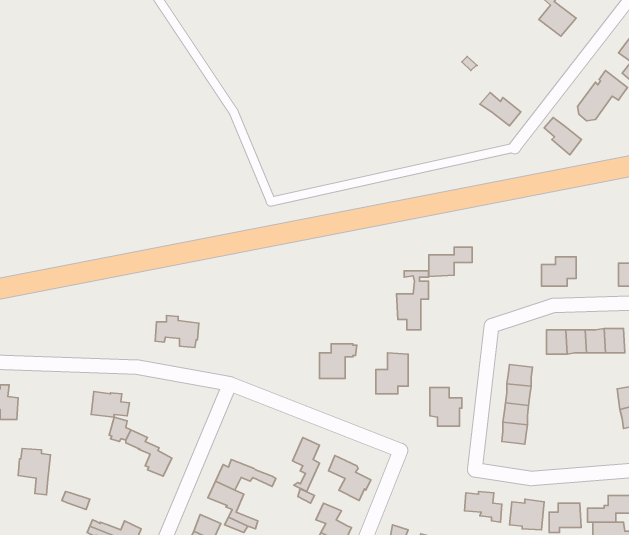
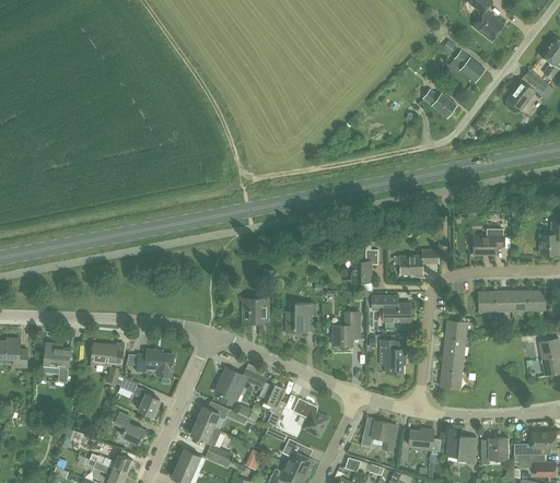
building: [544,118,581,155] -> [453,50,485,82]
building: [429,247,472,277] -> [400,249,438,274]
building: [155,315,199,347] -> [136,349,173,376]
building: none -> [372,295,409,328]
building: none -> [242,297,268,322]
building: none -> [213,367,266,405]
building: [18,449,50,495] -> [43,342,70,381]
building: none -> [113,411,144,444]
building: none -> [360,416,397,450]

